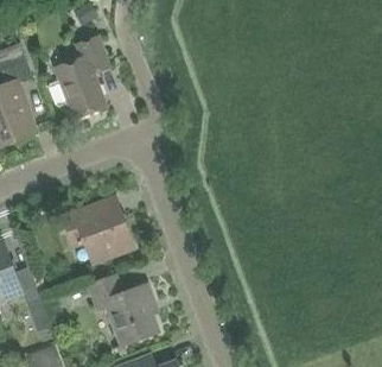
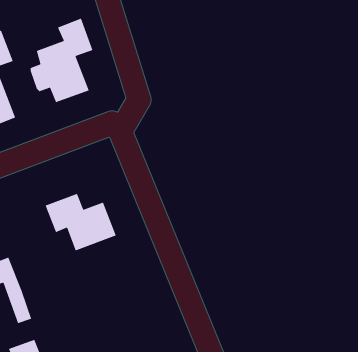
building: [88,273,159,346] -> none

